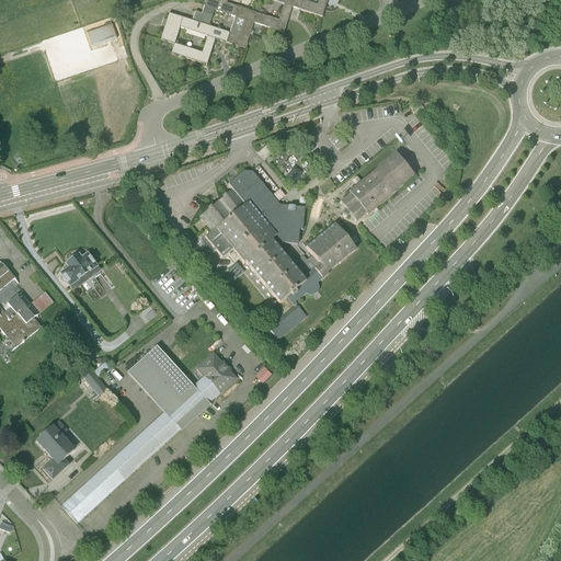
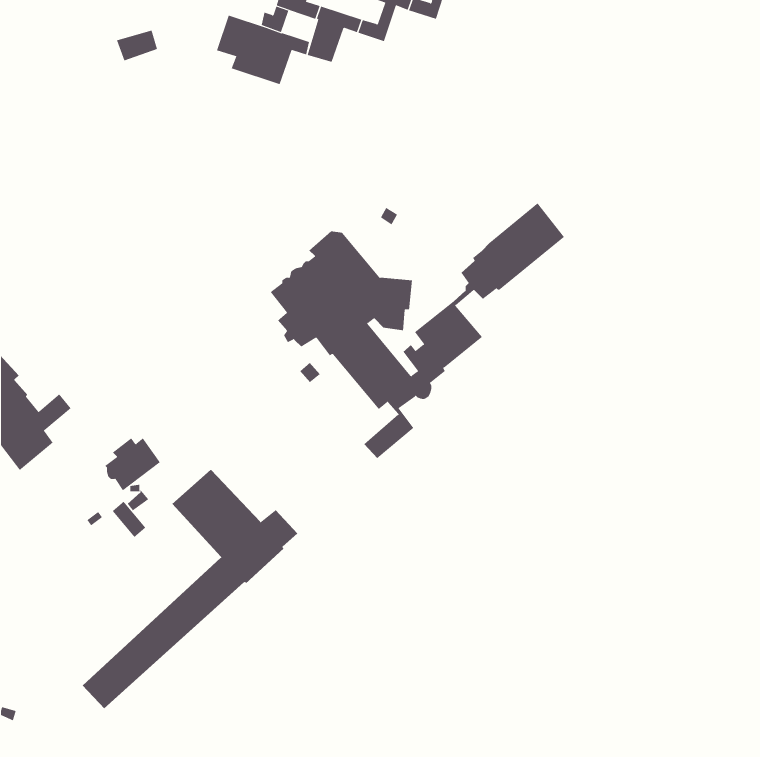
building: [59,251,101,290] -> [105,438,161,491]
building: [196,351,238,392] -> none
building: [35,420,75,478] -> none

